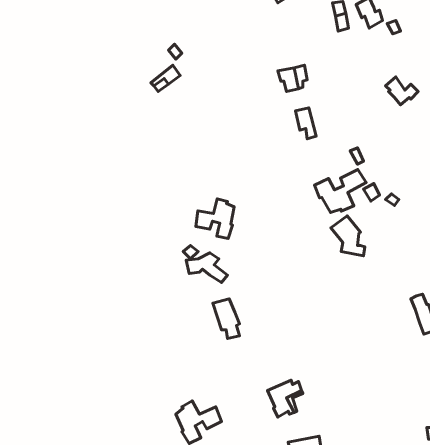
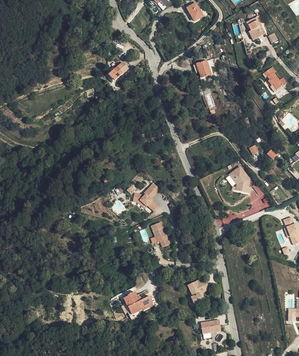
building: [315,170,366,212] -> none
building: [196,199,234,238] -> none

